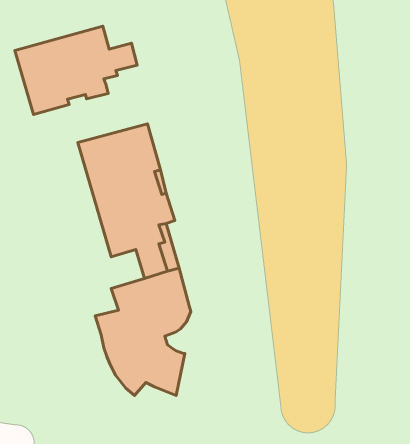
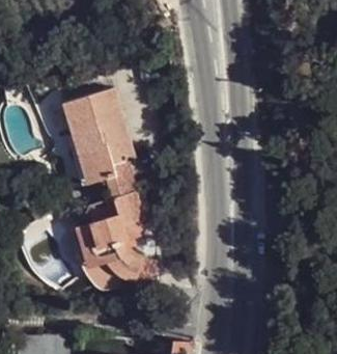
building: [15,26,137,115] -> none

